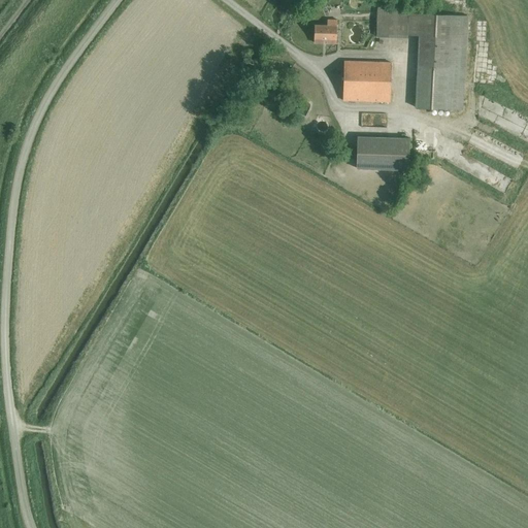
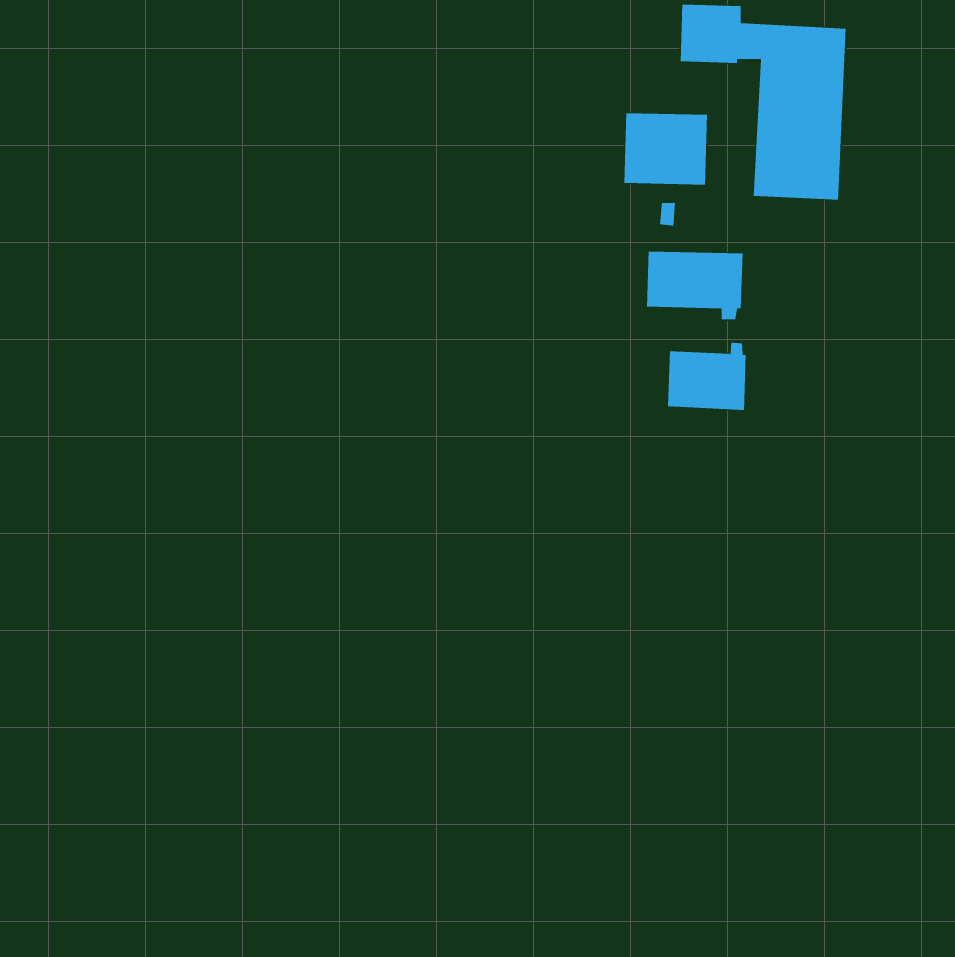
building: [315,19,337,40] -> none
building: none -> [667,342,747,411]

